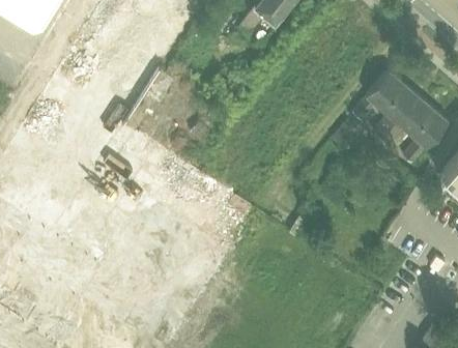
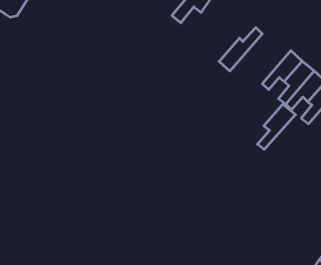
building: none -> [219,28,262,71]
building: none -> [257,104,296,149]

